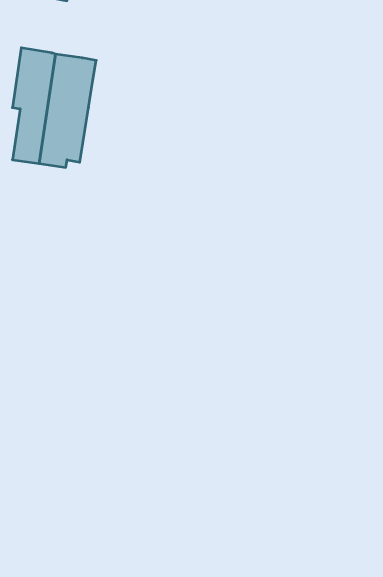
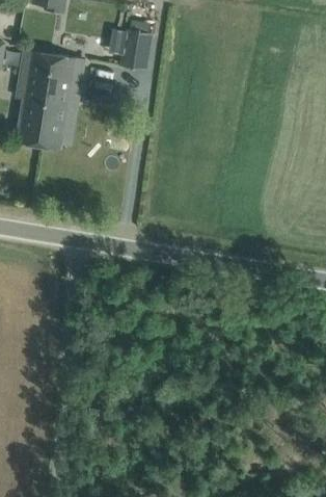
building: none -> [119,29,153,70]

